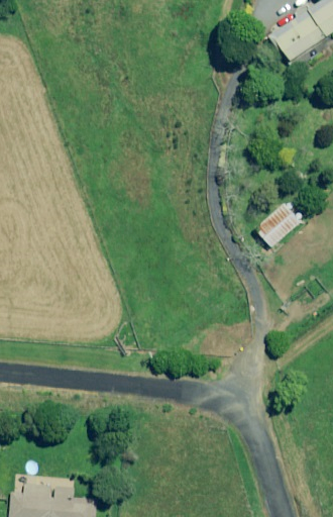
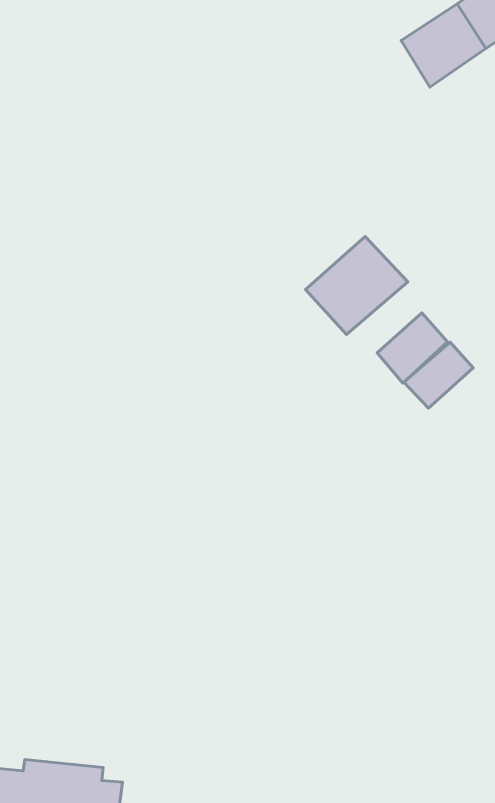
building: none -> [305,236,408,335]
building: none -> [404,342,473,408]

